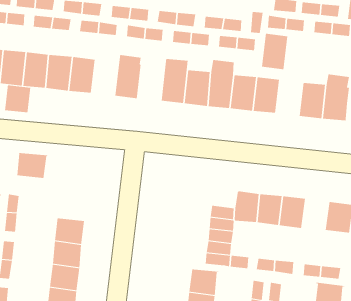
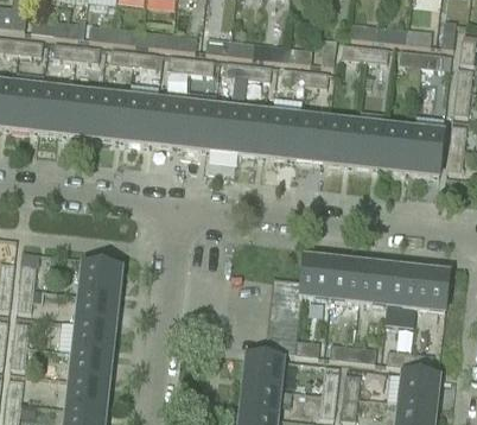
building: [261,33,288,70] -> [352,121,386,166]
building: none -> [125,82,159,141]
building: none -> [182,102,215,147]
building: [4,85,31,113] -> none
building: [16,152,48,178] -> [82,264,121,296]
building: none -> [382,268,418,326]

